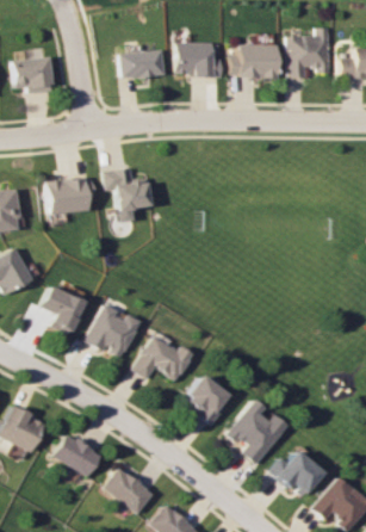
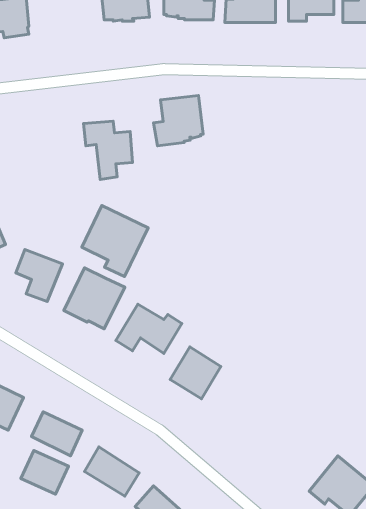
building: none -> [153,95,203,146]
building: [45,177,94,215] -> none
building: none -> [82,205,148,277]
building: [227,398,280,465] -> none
building: [267,450,322,495] -> none
building: none -> [21,451,69,494]

